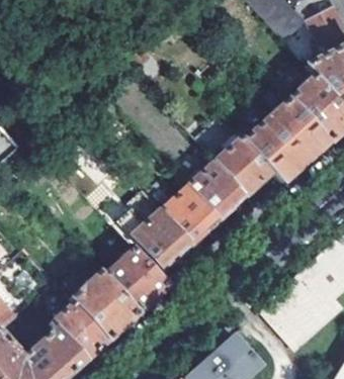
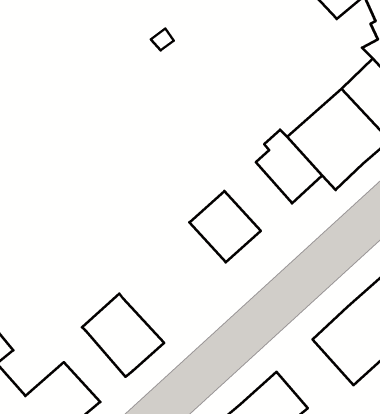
building: [191,160,248,217] -> none
building: [135,210,192,270] -> none
building: [106,248,170,311] -> none
building: [53,301,108,361] -> none

